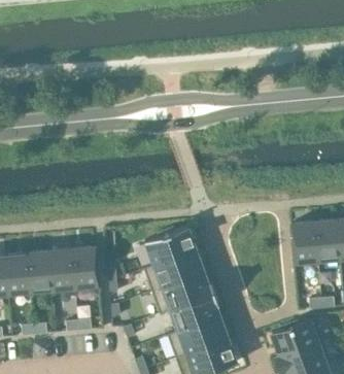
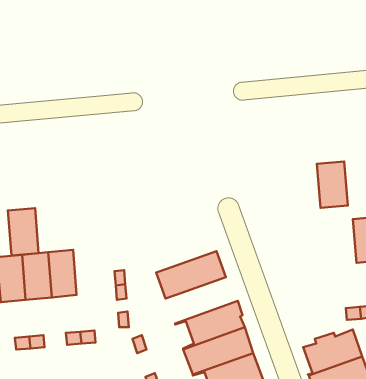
building: [290,223,317,263] -> [317,162,348,208]
building: [143,227,196,269] -> none
building: [71,247,98,288] -> [8,208,39,256]
building: [151,273,214,313] -> none

